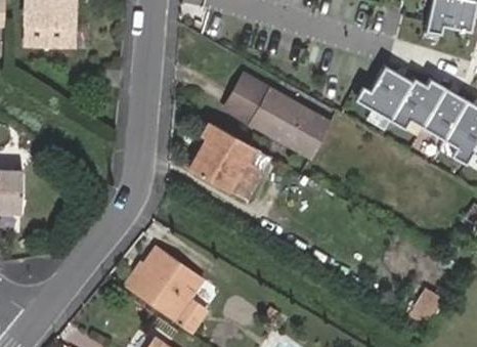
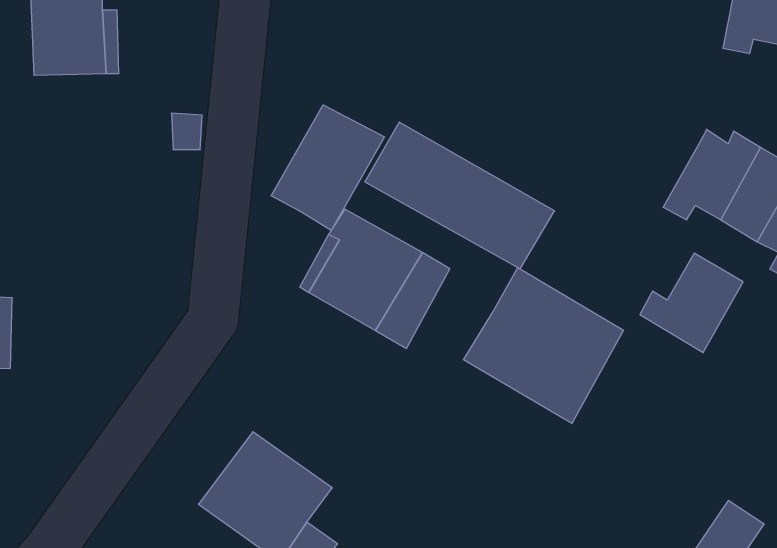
building: none -> [271,105,384,230]
building: [354,64,413,121] -> [640,253,743,353]
building: none -> [464,268,623,424]

